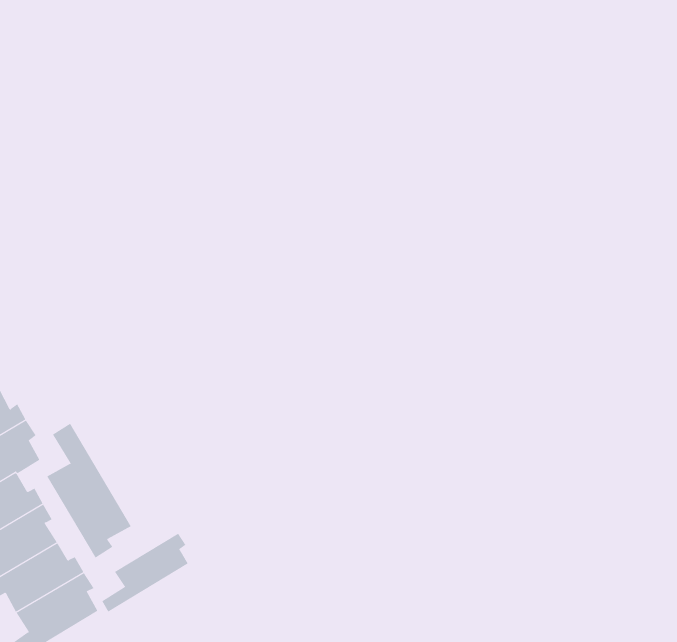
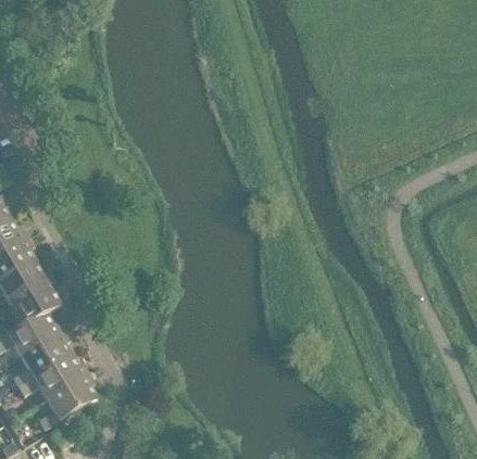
building: [47,423,131,558] -> none
building: [102,533,189,613] -> none

